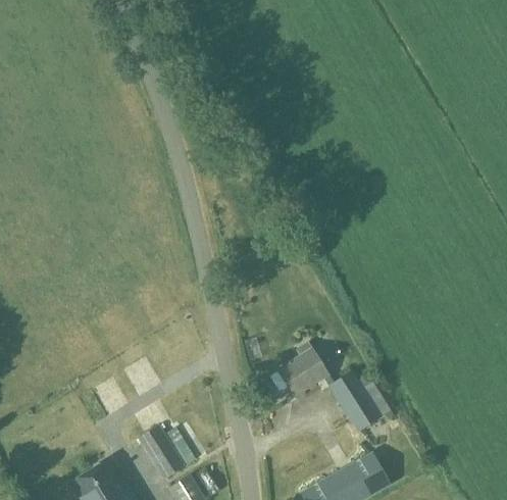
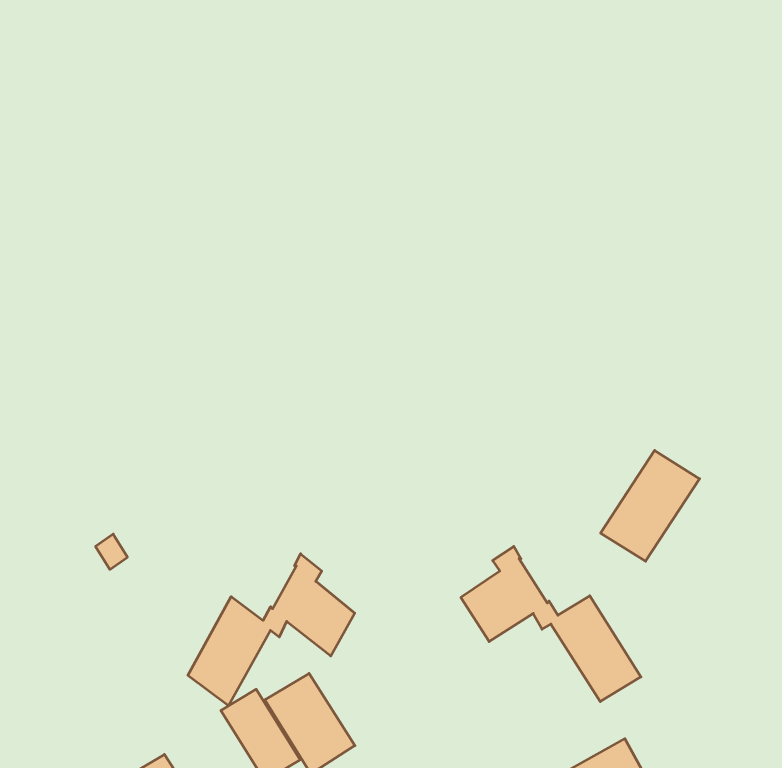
building: none -> [601,450,700,561]
building: none -> [188,554,355,706]

